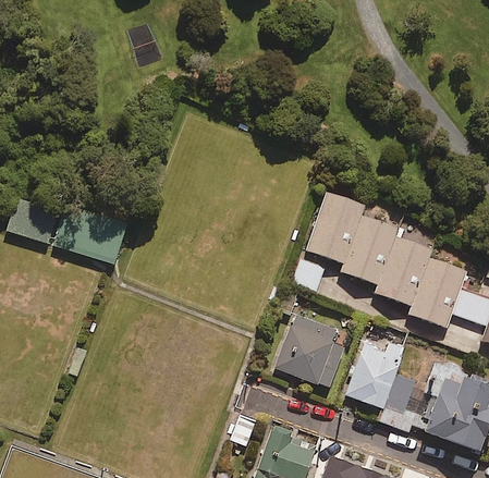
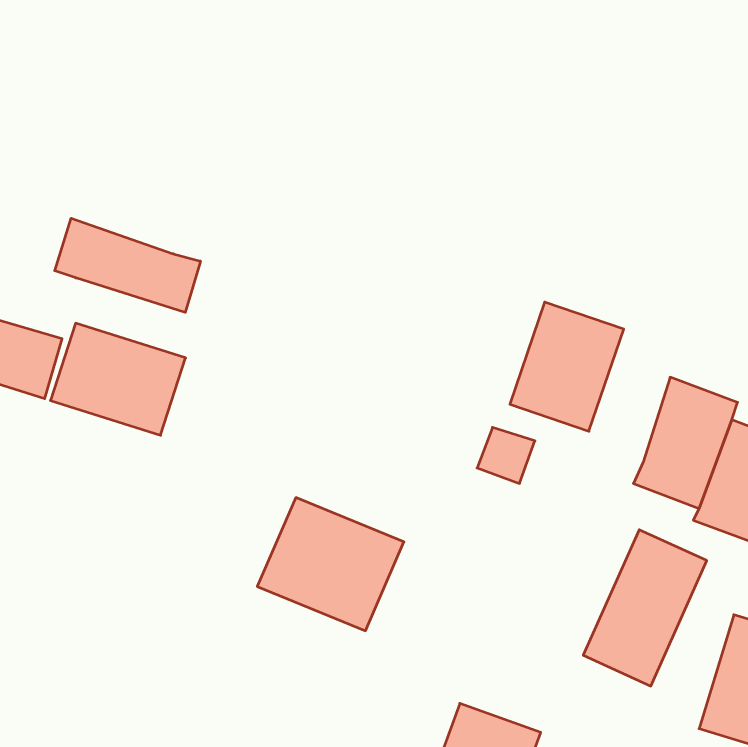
building: none -> [55,218,200,312]
building: [347,217,398,284] -> none
building: [274,317,357,392] -> [257,498,404,631]

